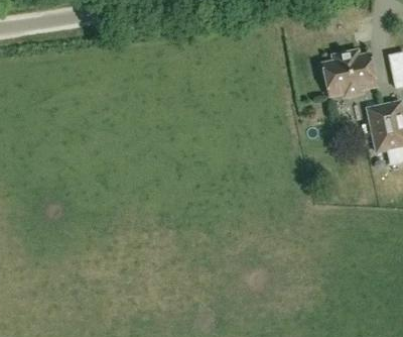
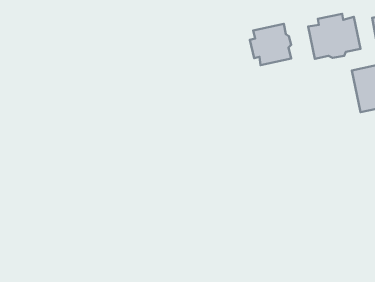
building: none -> [250,24,291,65]

